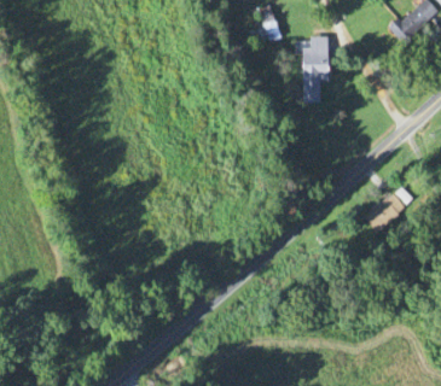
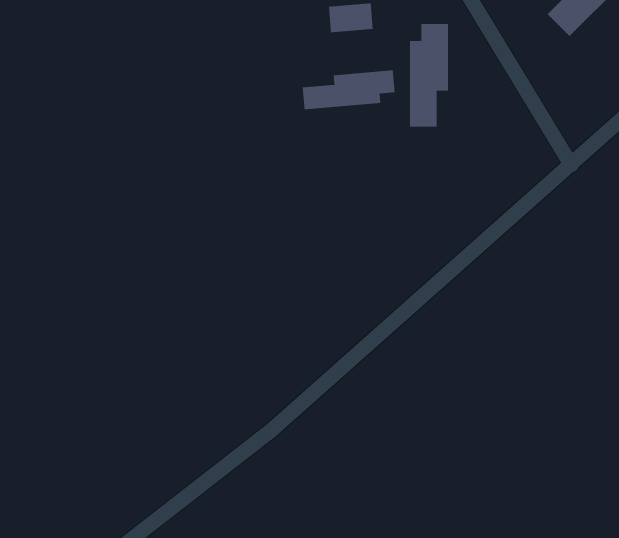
building: none -> [302,70,395,110]
building: [364,189,407,230] -> none

